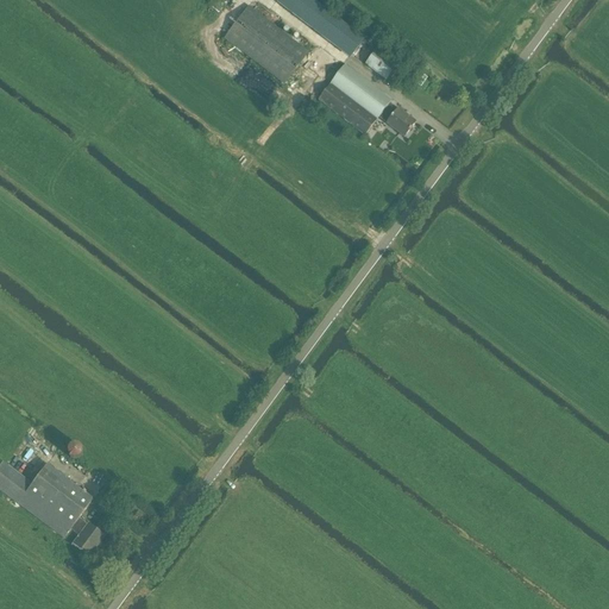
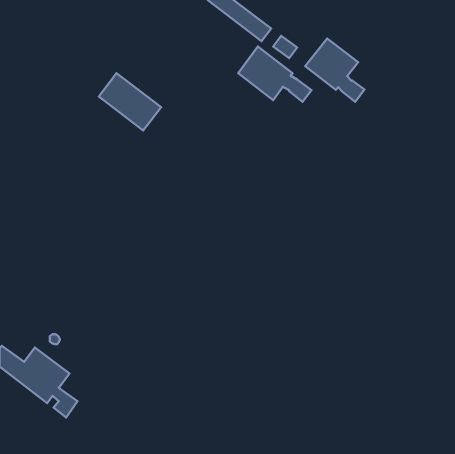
building: [224,5,307,81] -> [99,73,161,130]
building: none -> [305,38,365,102]

